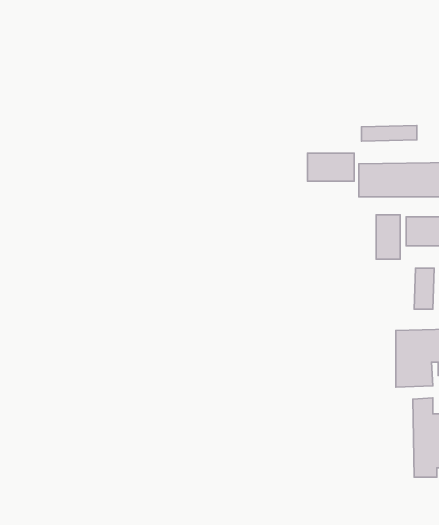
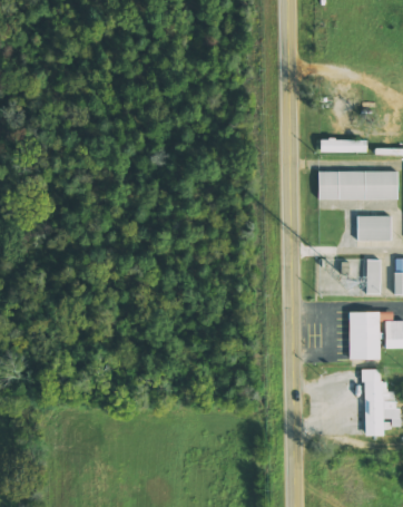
building: [308,153,354,181] -> none
building: [376,215,400,259] -> none

